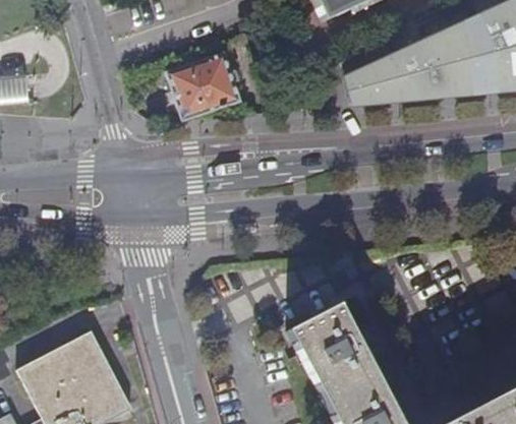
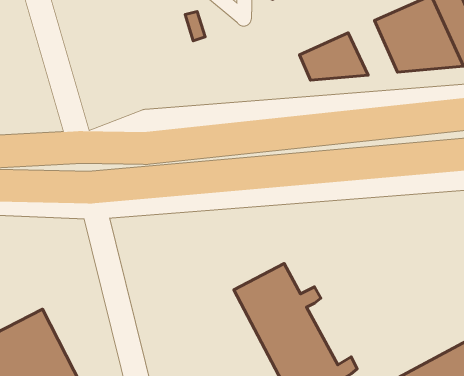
building: [397,45,447,100] -> none
building: [165,54,240,122] -> none

